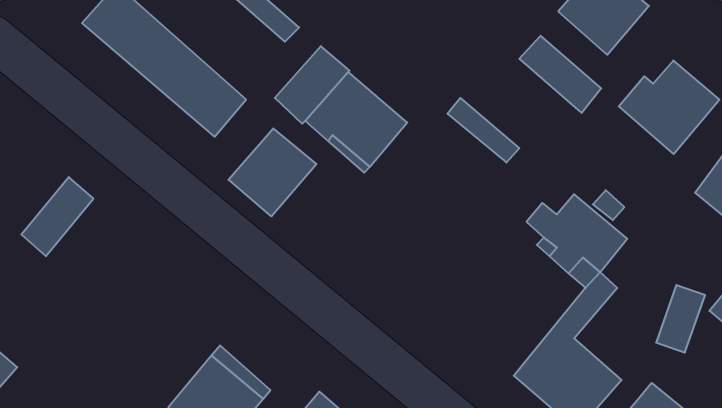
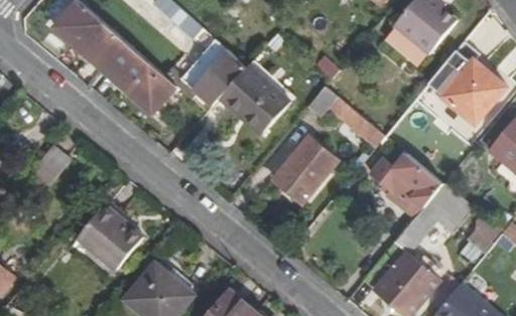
building: [519,36,601,113] -> none
building: [228,128,316,216] -> none
building: none -> [274,139,339,204]
building: none -> [73,204,140,271]

